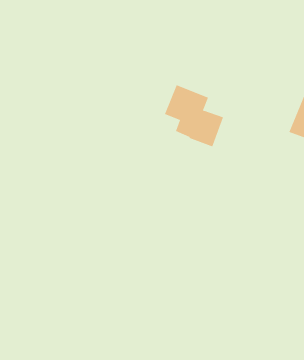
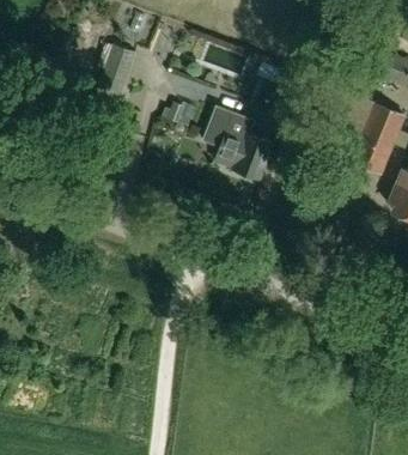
building: none -> [96,44,133,105]

